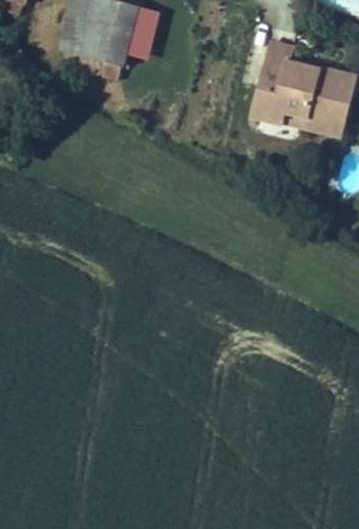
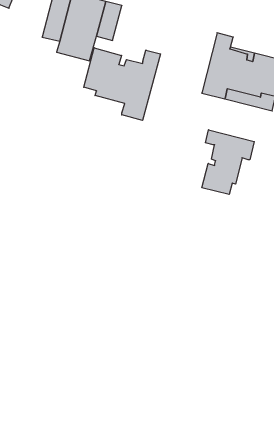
building: none -> [84,48,161,120]
building: none -> [202,130,254,194]

